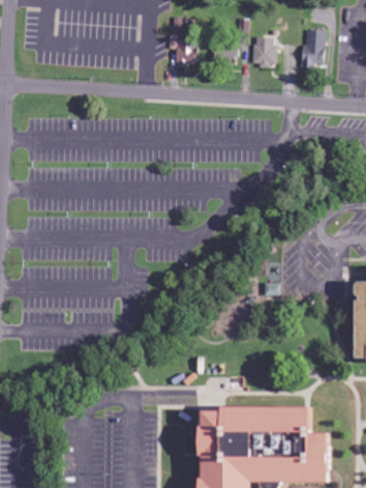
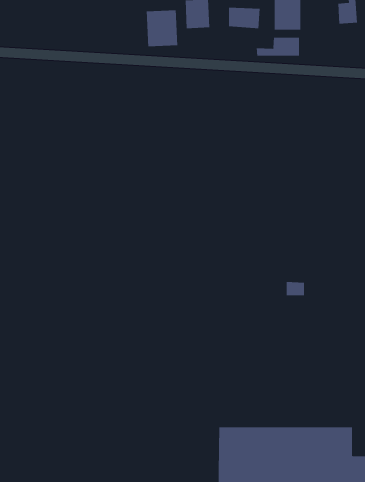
building: none -> [146,10,178,47]
building: none -> [256,37,300,56]

